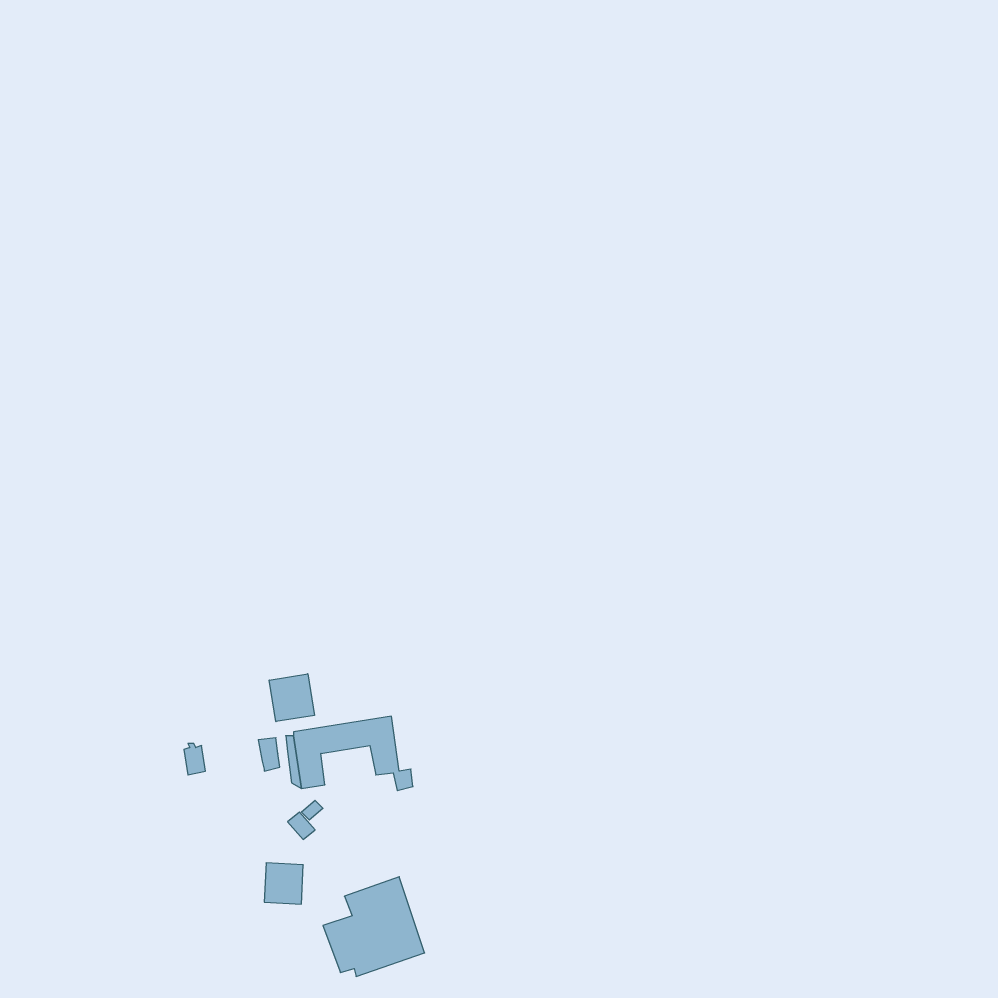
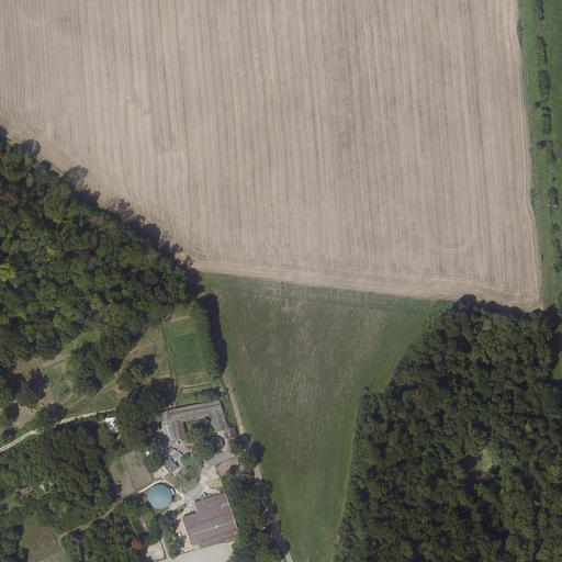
building: [269,674,314,722] -> none

